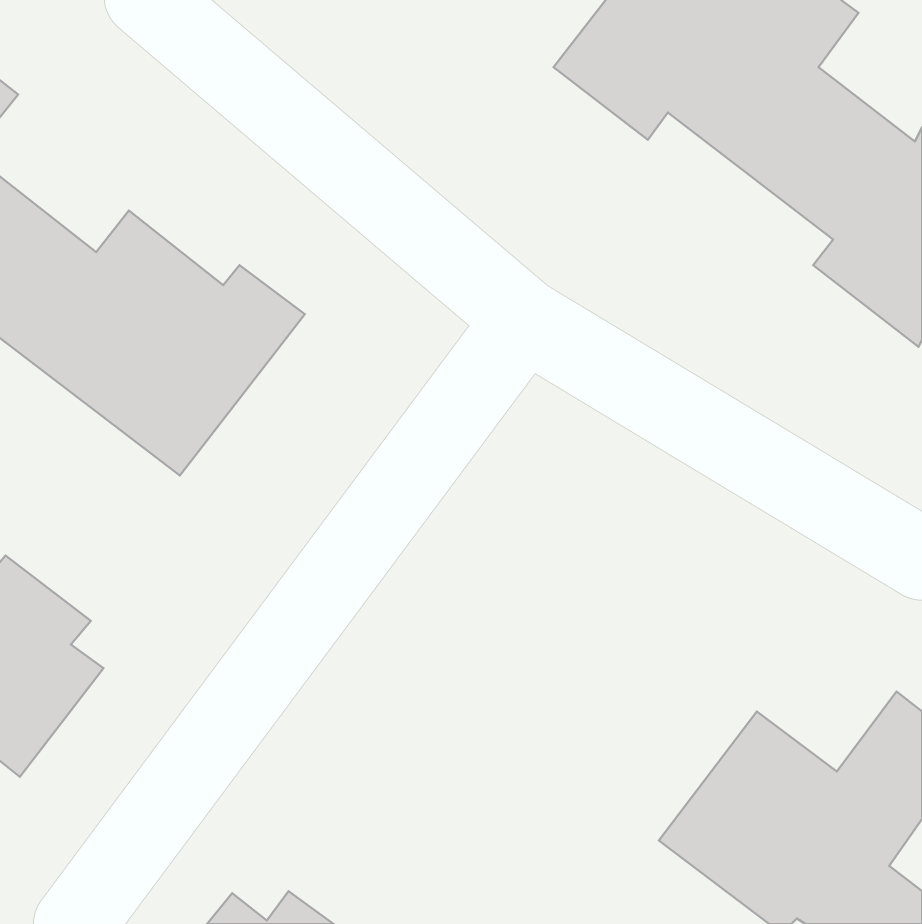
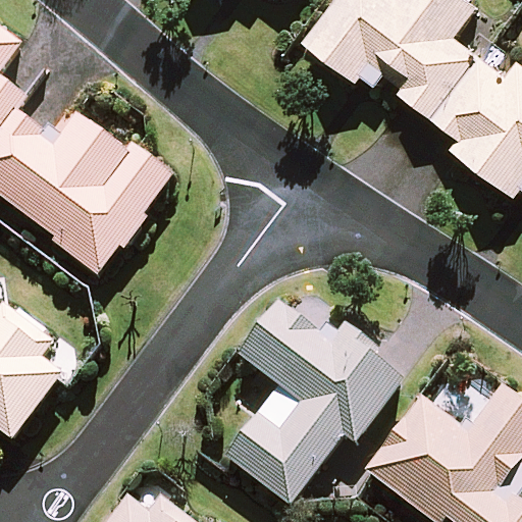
building: none -> [231,307,398,501]

